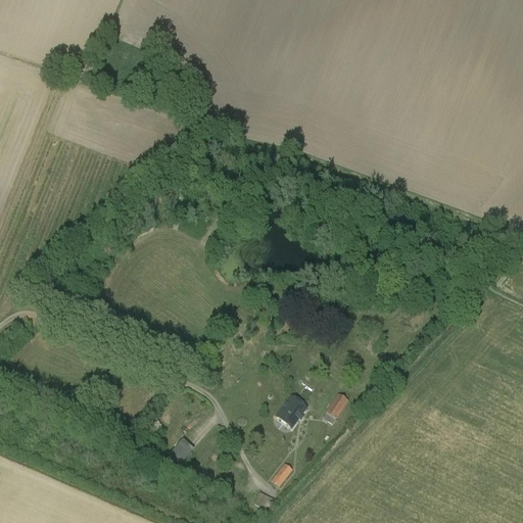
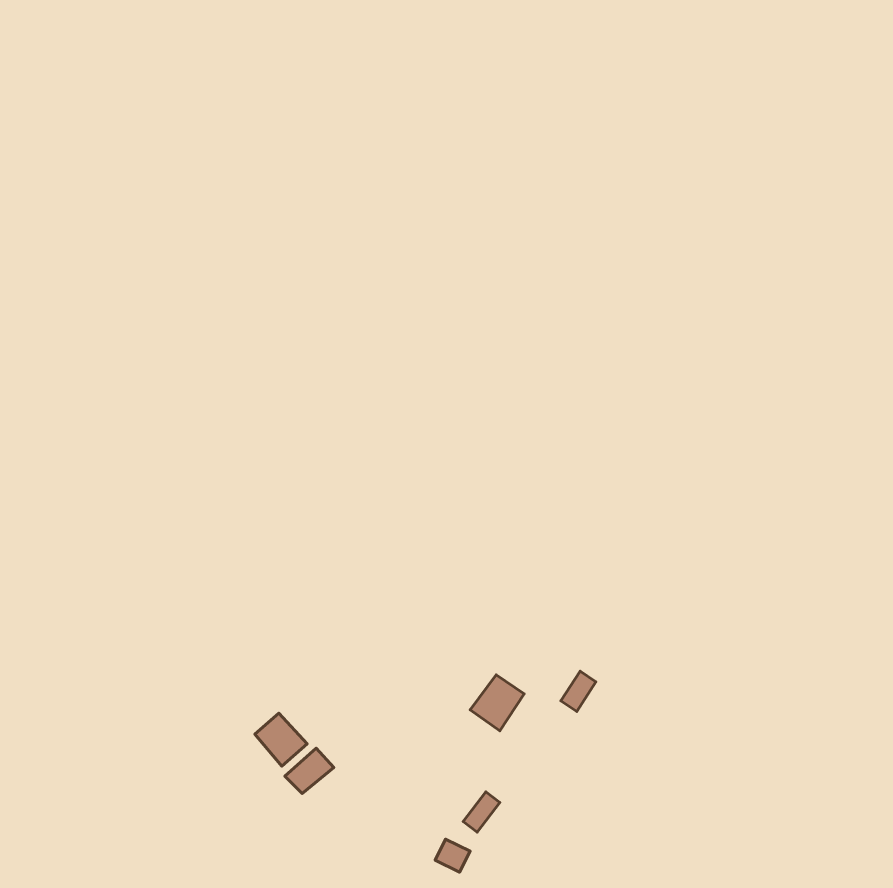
building: none -> [255,713,307,766]

